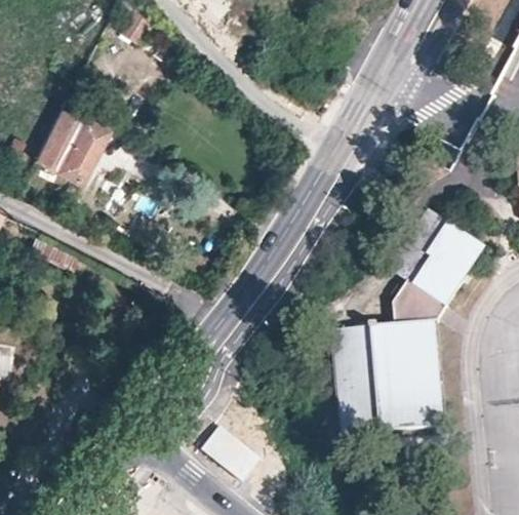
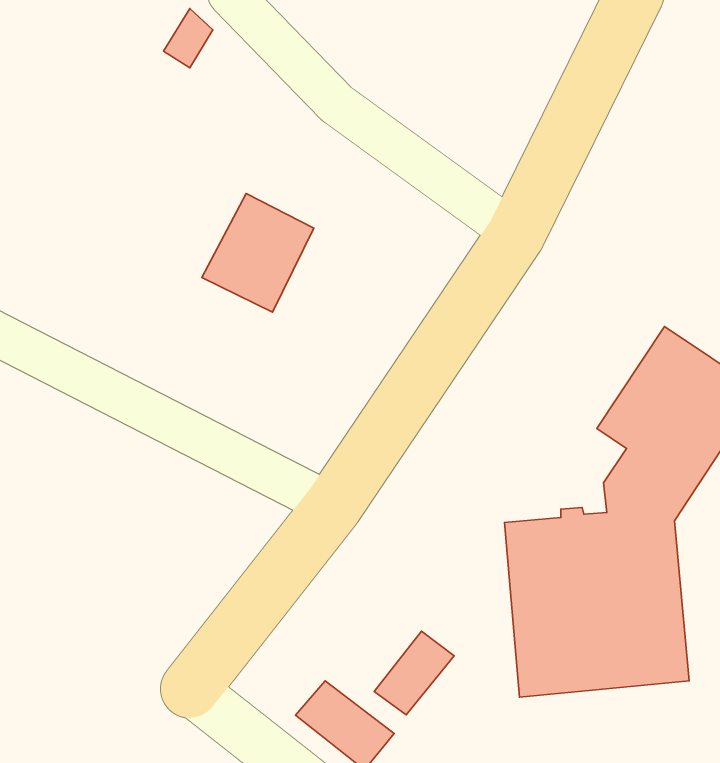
building: [33,108,103,182] -> [202,193,314,312]
building: none -> [374,631,454,715]

